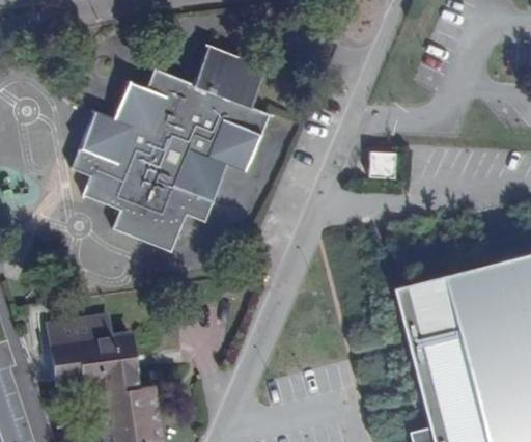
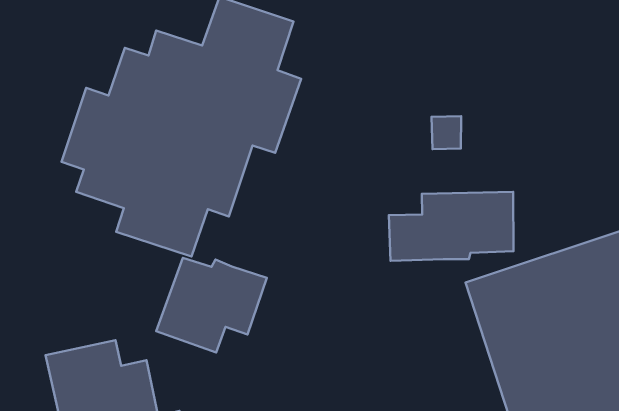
building: none -> [389,192,513,261]
building: none -> [156,258,267,352]

